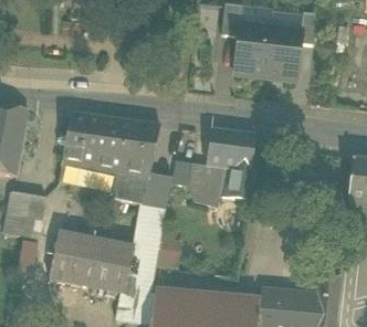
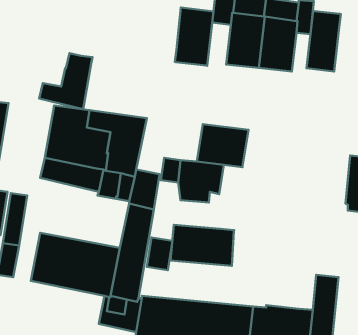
building: none -> [175,8,213,66]
building: none -> [307,11,341,72]
building: none -> [39,53,92,109]
building: [227,166,252,197] -> none
building: none -> [171,225,234,266]

